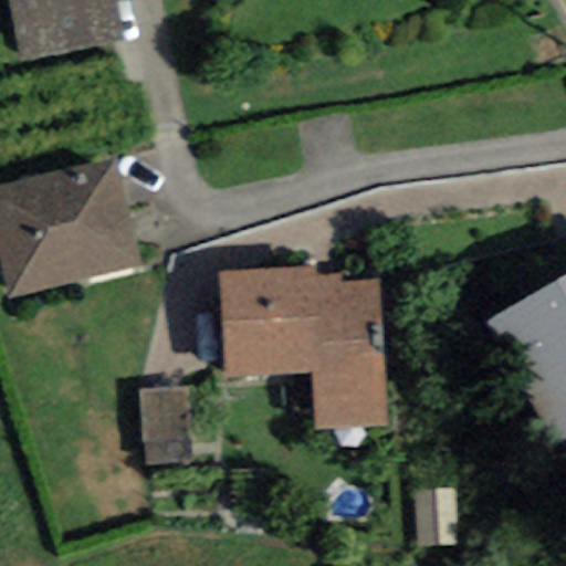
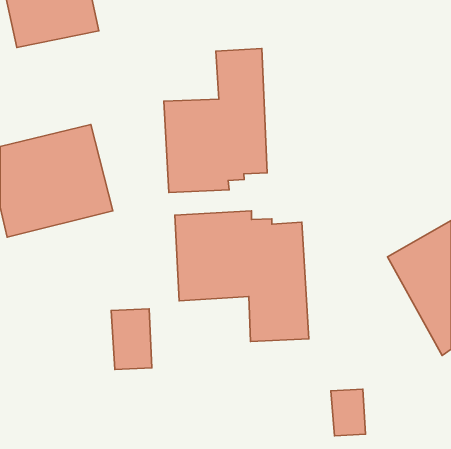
building: none -> [164,49,267,192]

